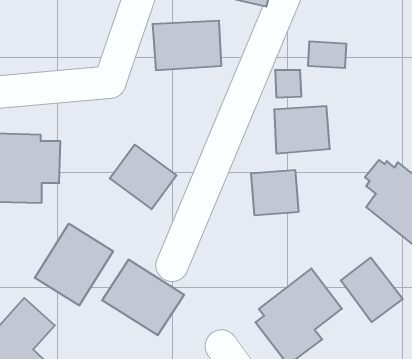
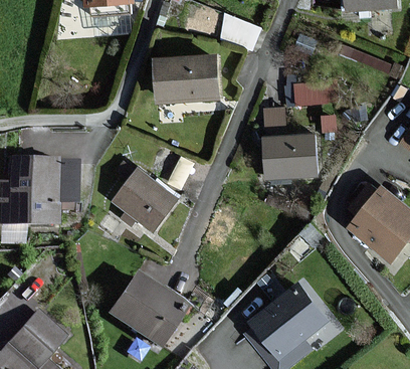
building: [251,170,298,215] -> none
building: [35,224,113,306] -> none
building: [341,258,403,322] -> none

